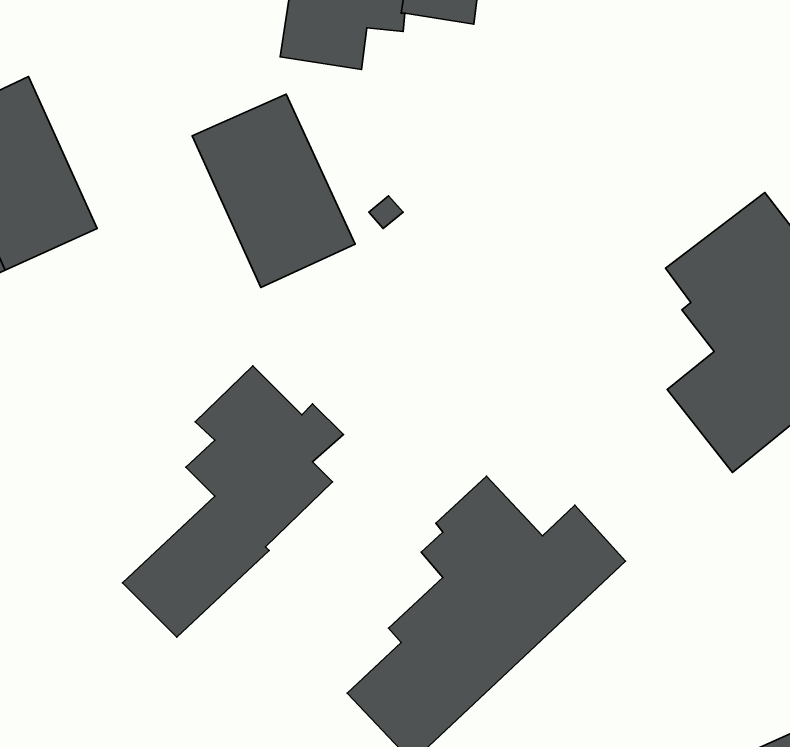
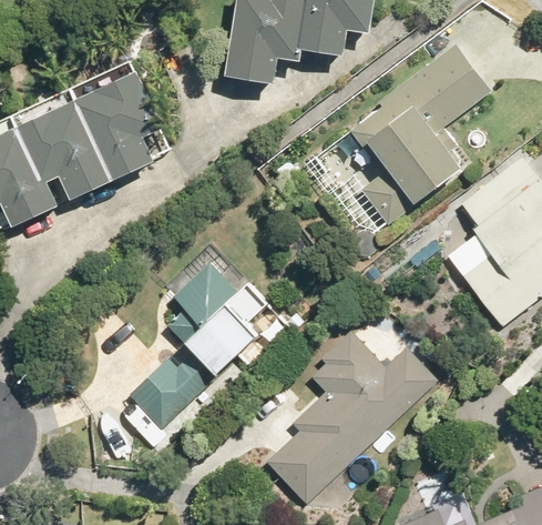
building: none -> [350,44,491,225]
building: [192,94,355,288] -> [72,60,172,179]

